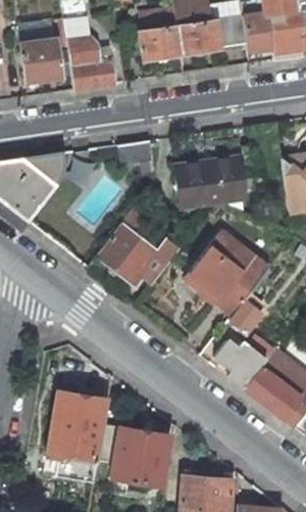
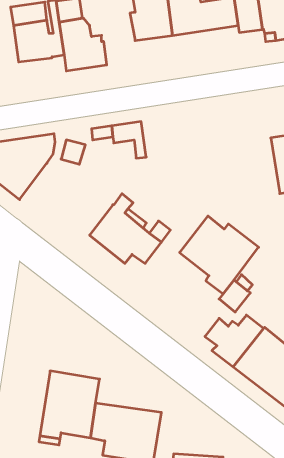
building: [174,156,246,210] -> none

